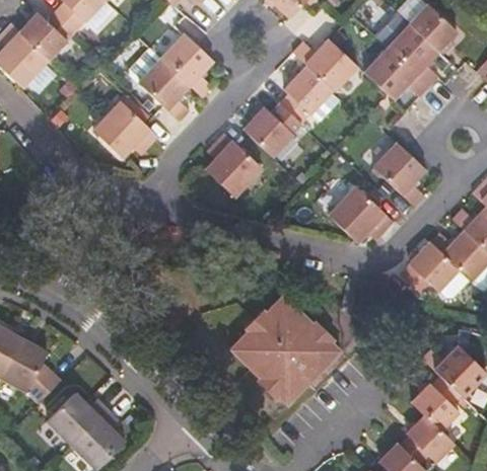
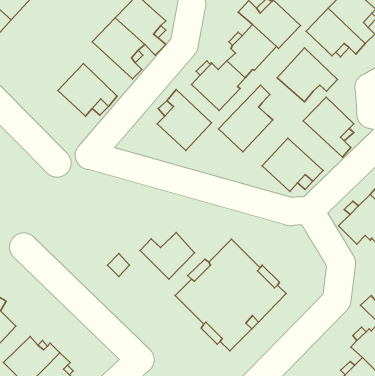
building: none -> [277,48,337,102]
building: none -> [218,85,273,152]
building: none -> [140,232,194,279]

